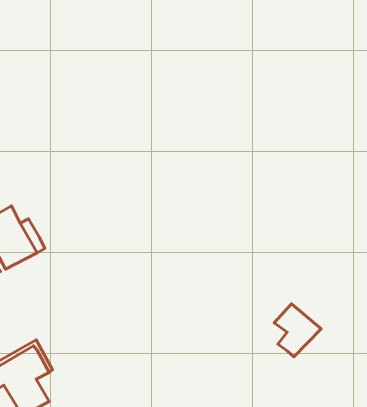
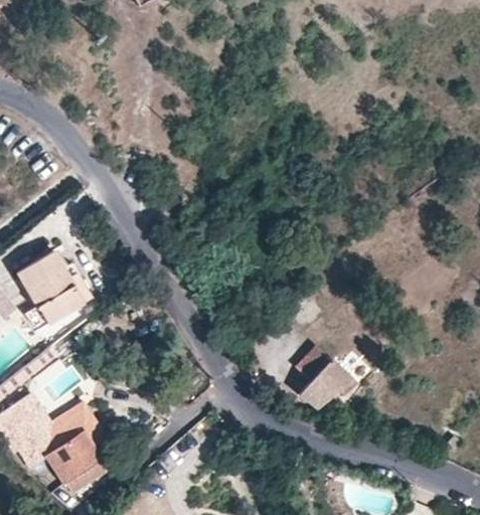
building: [274,304,321,357] -> [291,347,346,409]

